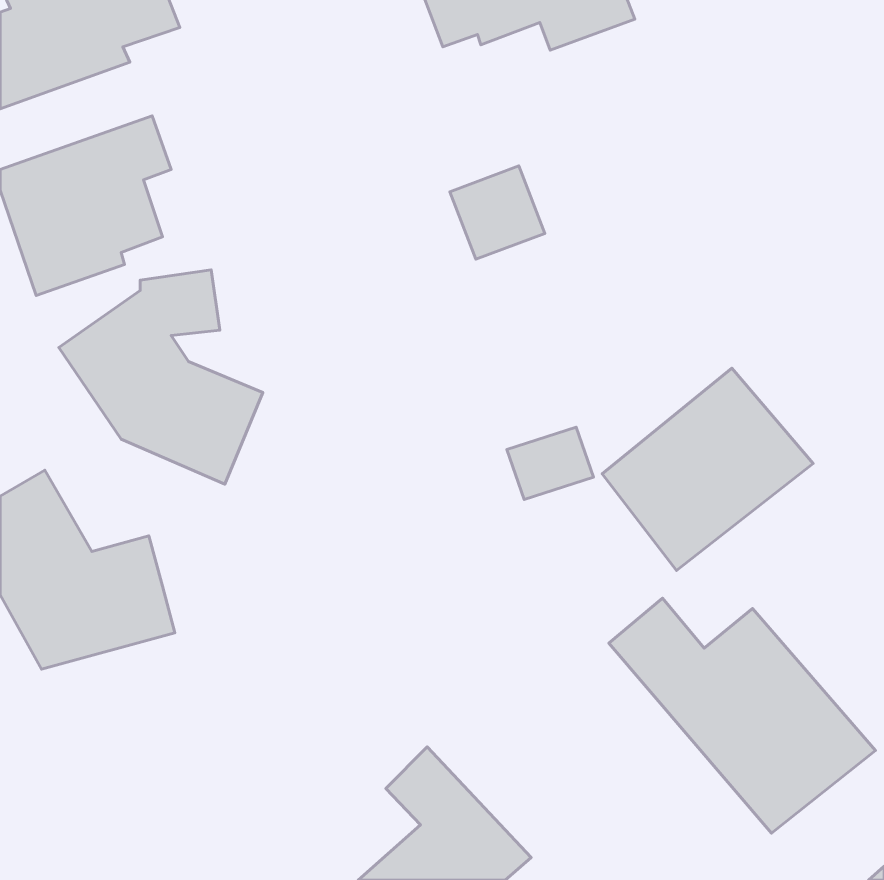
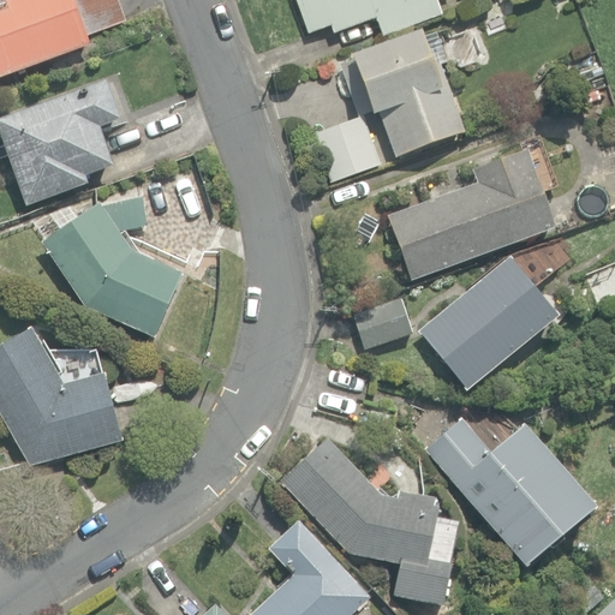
building: none -> [339,30,464,155]
building: none -> [387,149,554,279]
building: none -> [280,436,456,603]

